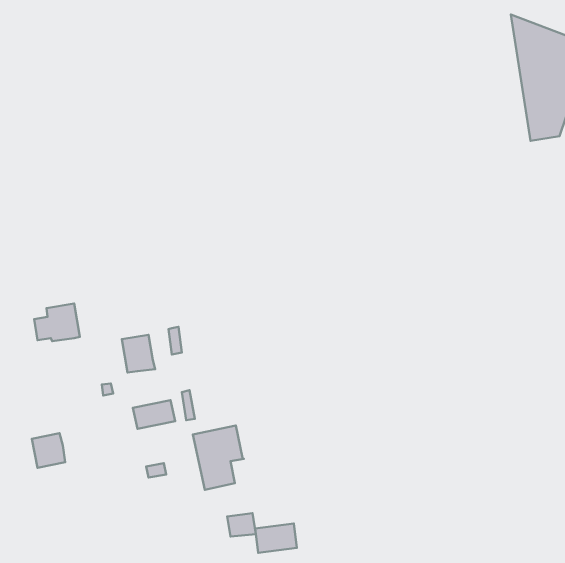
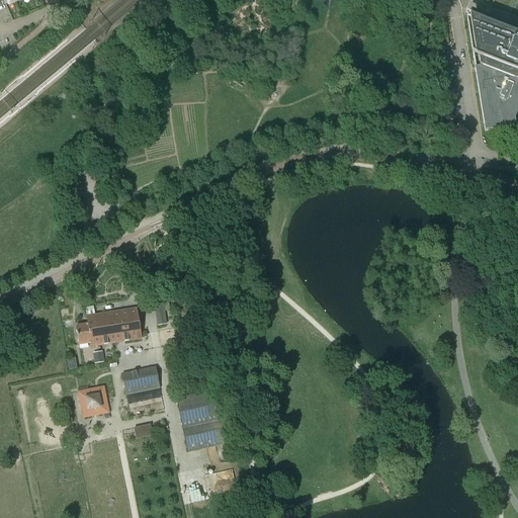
building: [34,304,80,341] -> [76,310,117,344]
building: [32,433,65,468] -> [79,384,109,416]
building: [255,523,297,553] -> none

